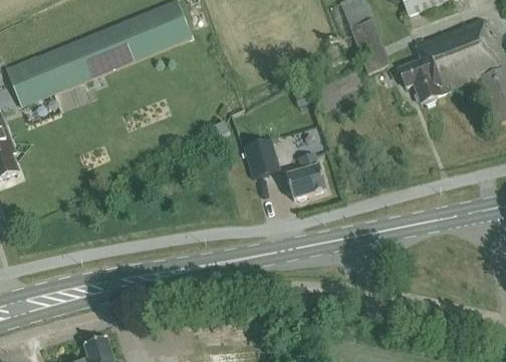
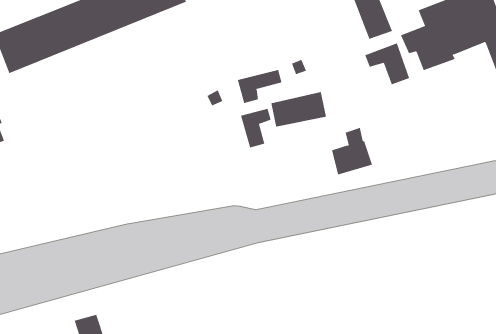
building: none -> [365,42,410,85]
building: none -> [237,69,282,104]
building: [286,153,326,200] -> [331,127,373,175]

